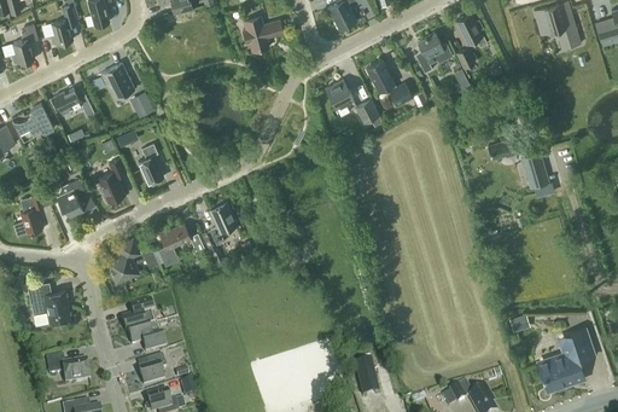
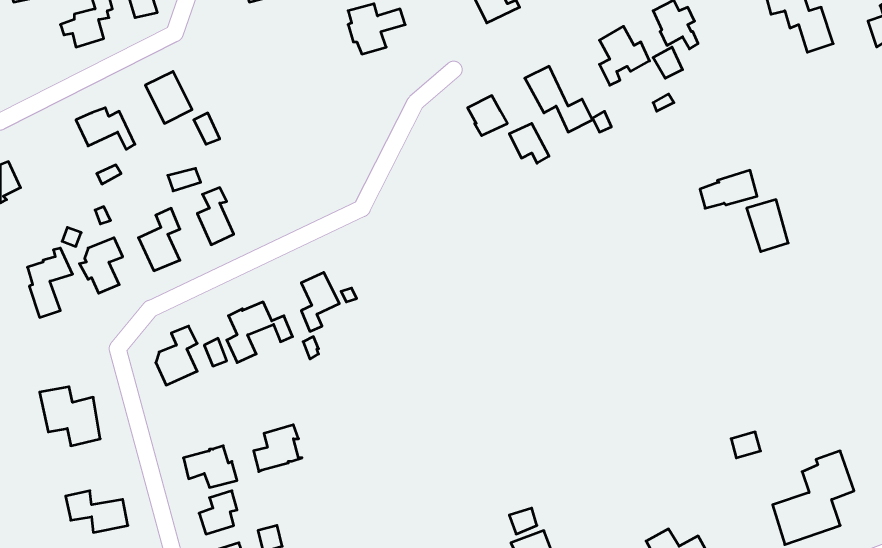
building: [11,23,37,63] -> none
building: [11,101,53,134] -> none
building: [122,300,156,332] -> [254,425,302,472]

